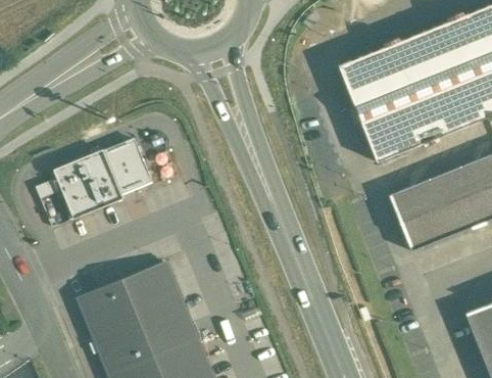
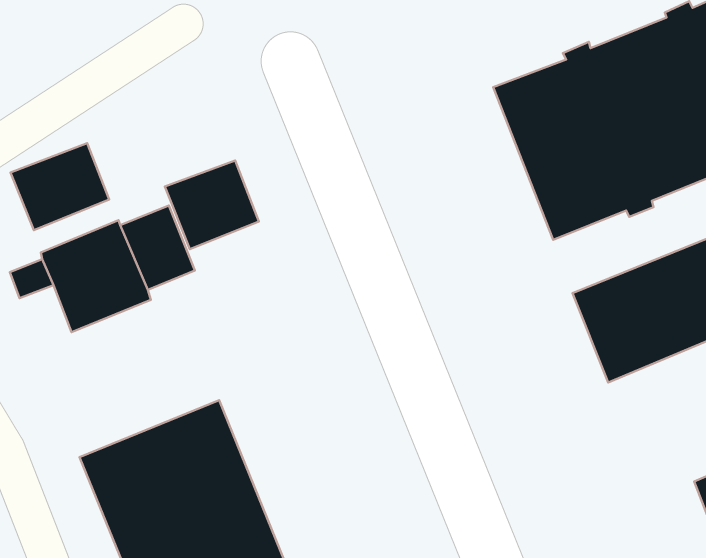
building: none -> [10,143,109,230]
building: none -> [165,160,259,249]

